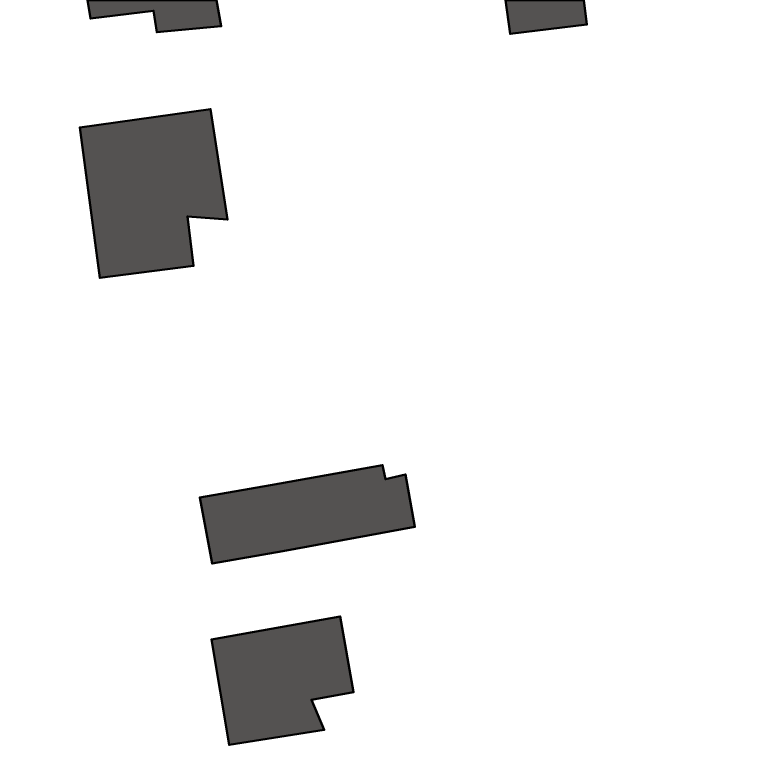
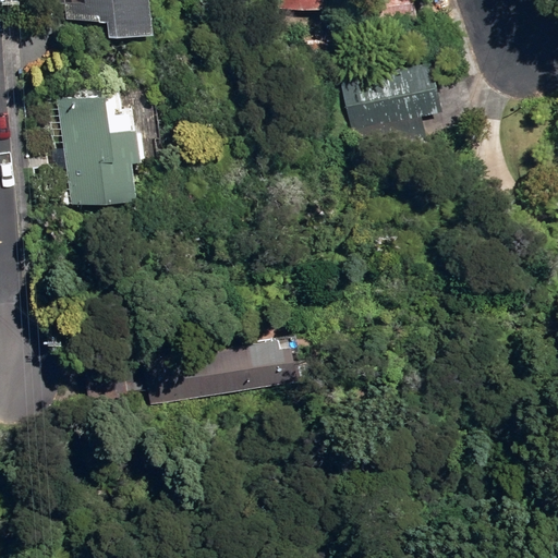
building: none -> [337,63,442,150]
building: [211,617,354,745] -> none

